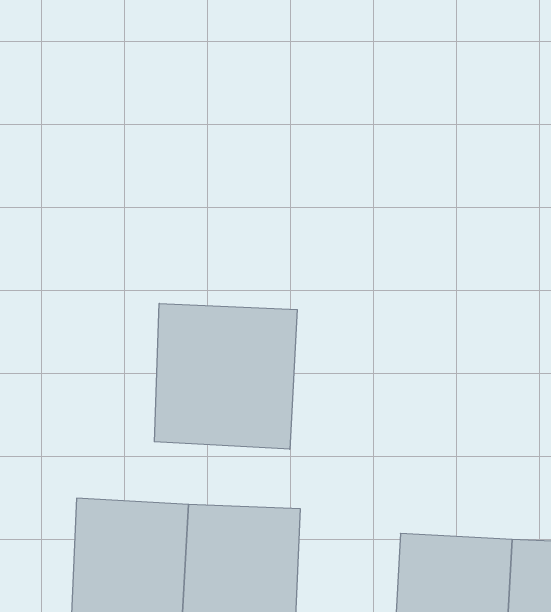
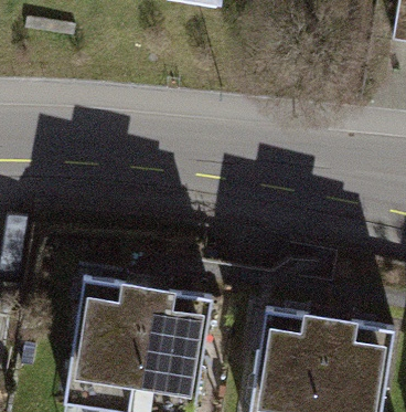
building: [154,303,297,449] -> none

